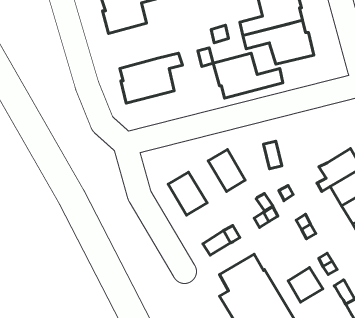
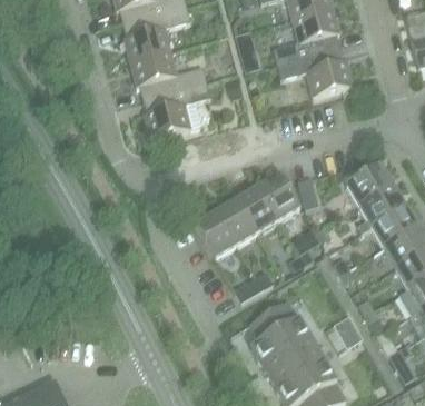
building: [213,53,283,98] -> [130,50,206,99]
building: none -> [346,165,393,206]
building: none -> [259,175,299,220]
building: none -> [217,199,258,245]

